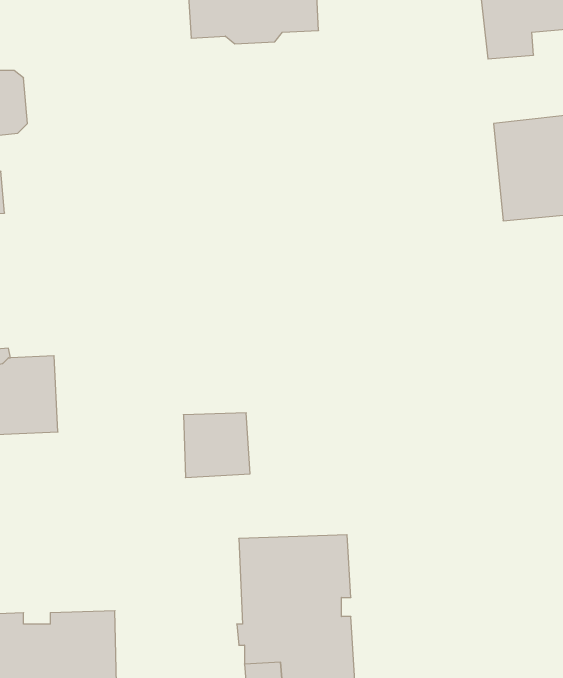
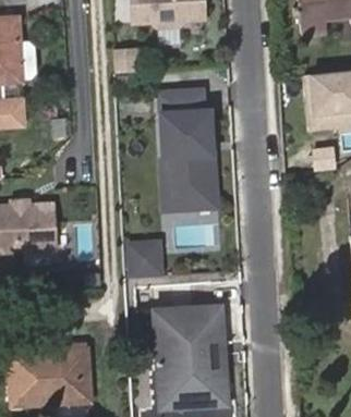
building: none -> [158,90,214,209]

